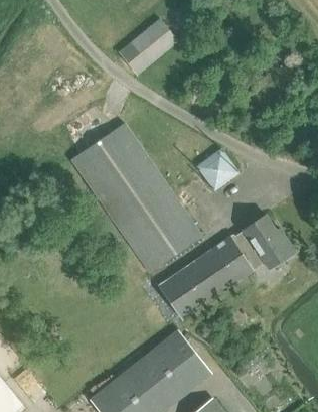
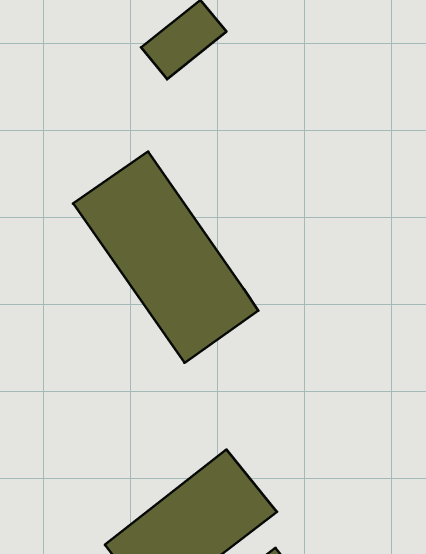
building: [197,148,240,190] -> none
building: [157,213,294,319] -> none

